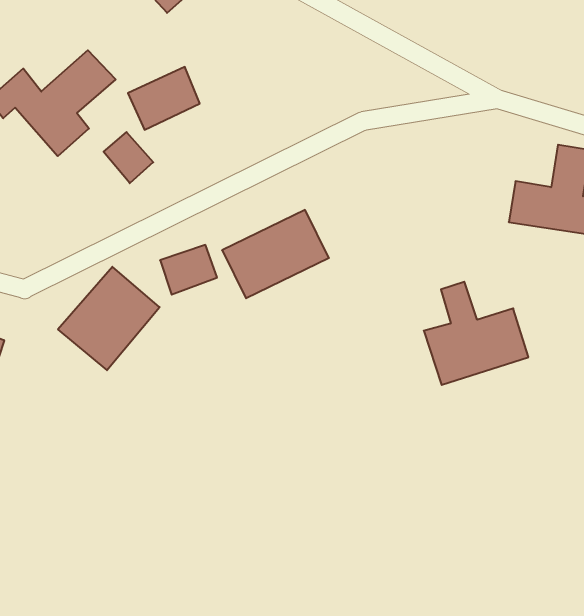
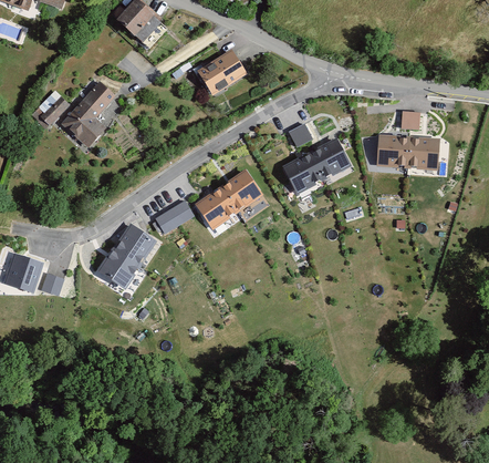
building: [128,67,200,130] -> [196,56,242,100]
building: [104,132,153,183] -> none
building: [424,282,528,385] -> [284,121,353,188]

